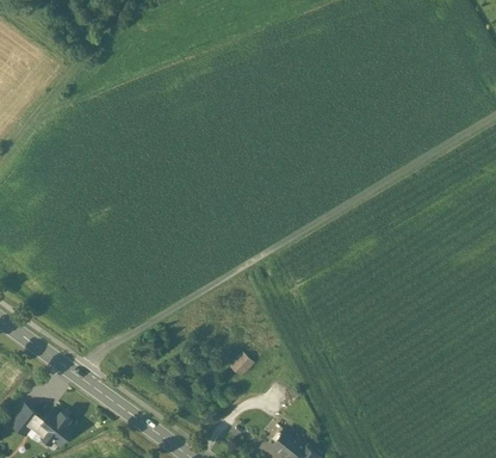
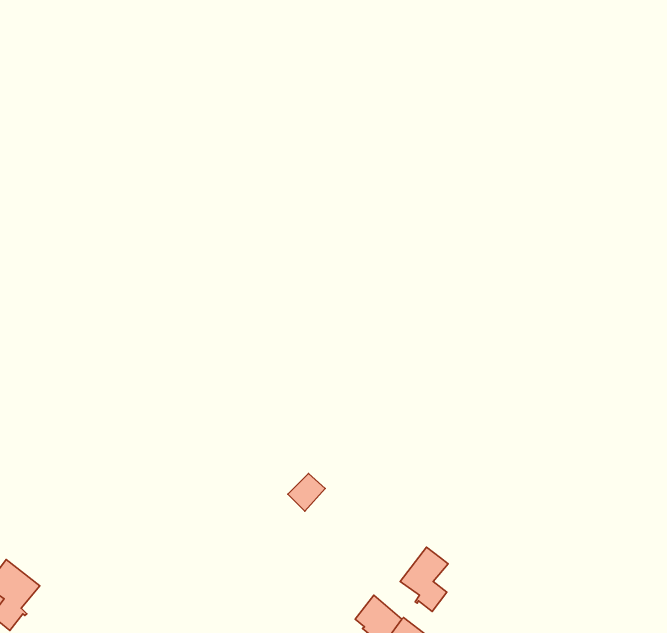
building: none -> [400,547,448,611]

